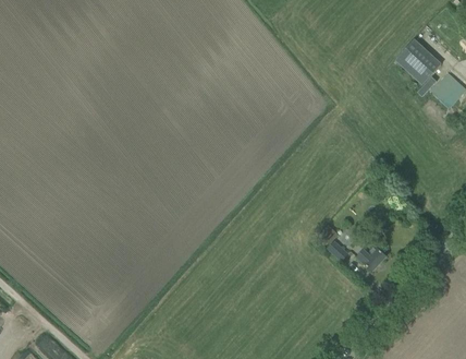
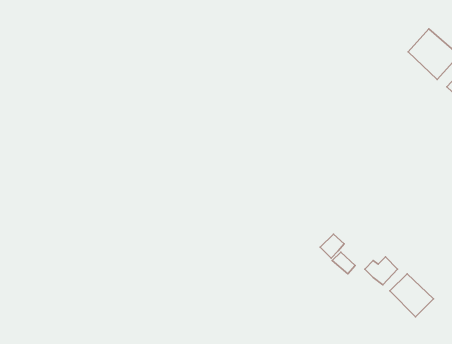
building: none -> [390,274,433,317]

